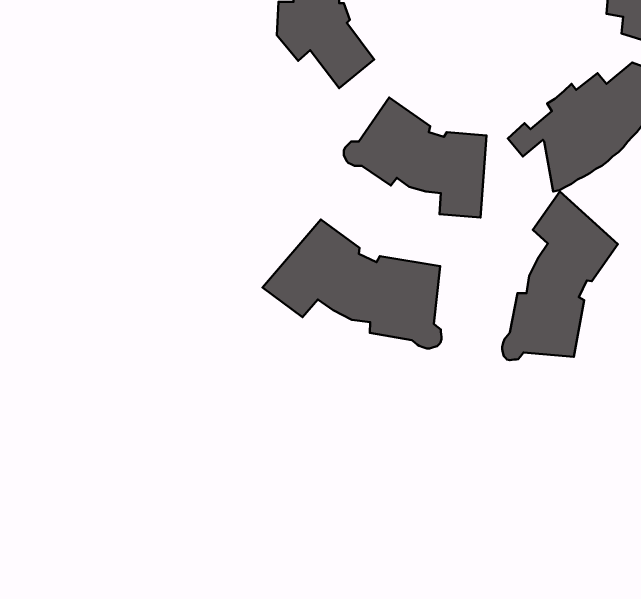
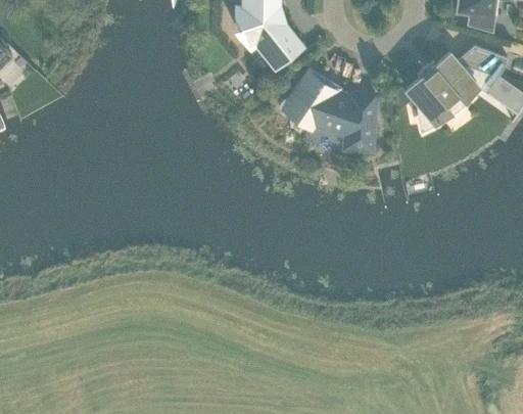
building: [502,191,618,360] -> none
building: [262,219,442,348] -> none

